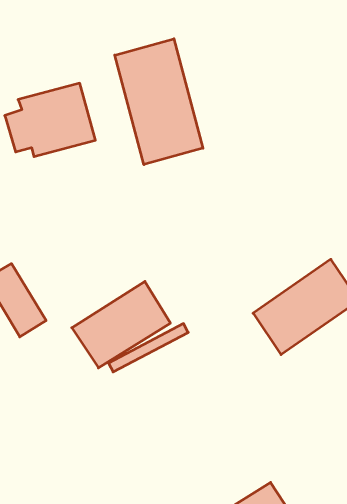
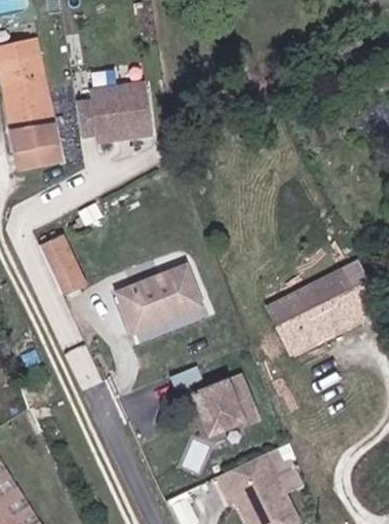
building: [115,39,203,165] -> none
building: none -> [193,370,260,433]

